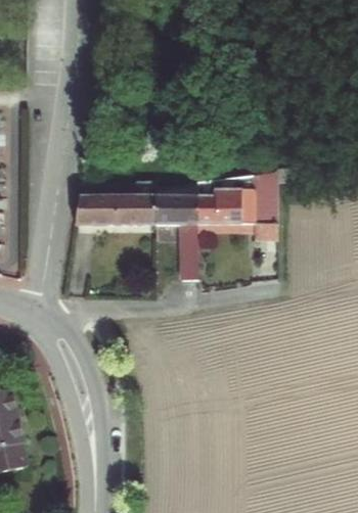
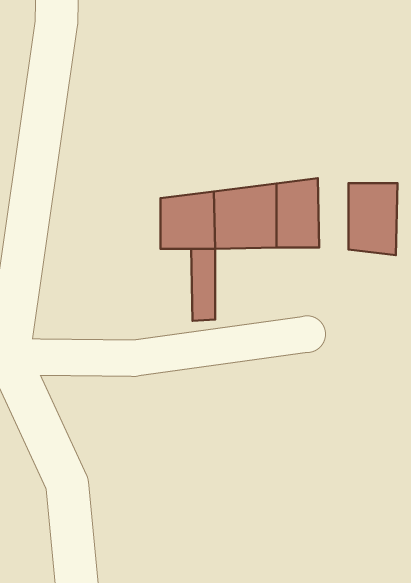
building: none -> [349,183,398,255]
building: [71,184,152,230] -> none

